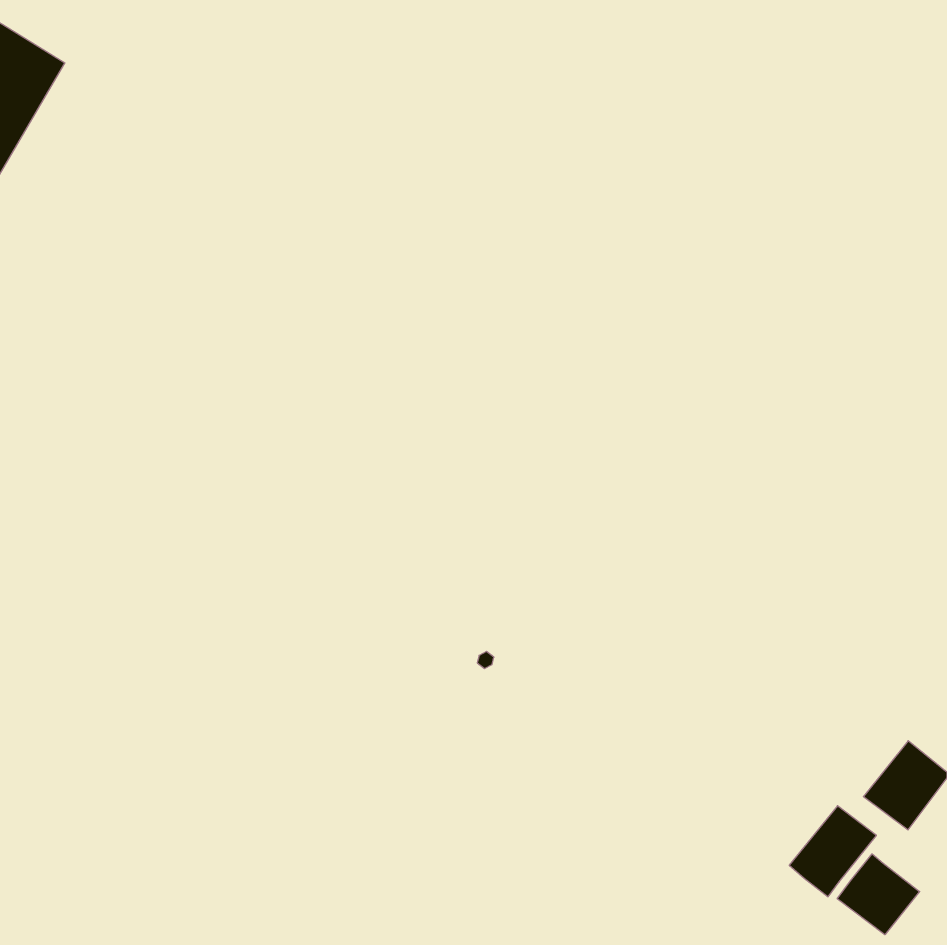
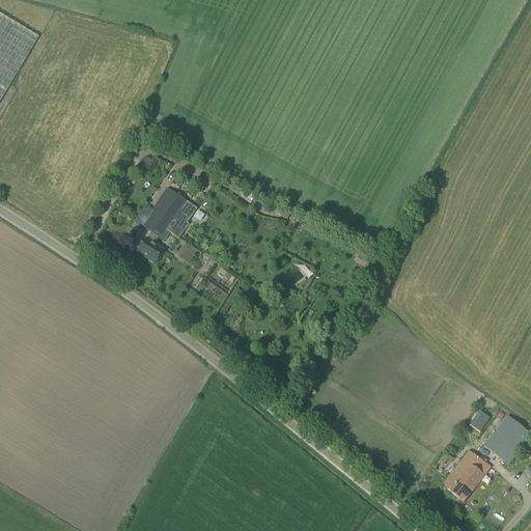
building: none -> [137,187,196,262]
building: [837,854,920,935] -> none

